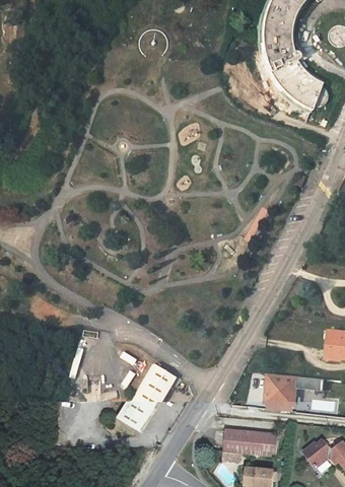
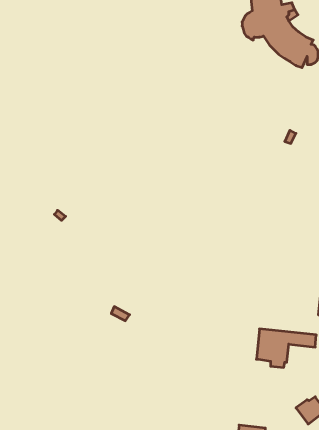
building: [118,364,172,431] -> none
building: [223,431,276,461] -> none

